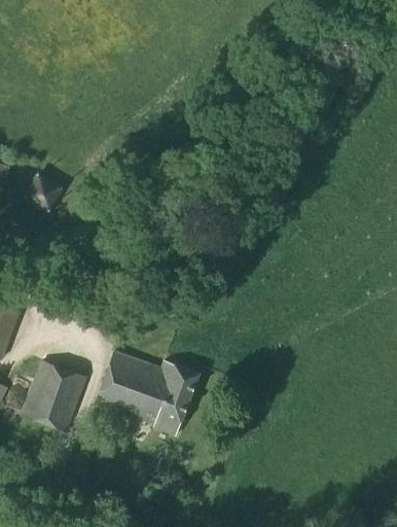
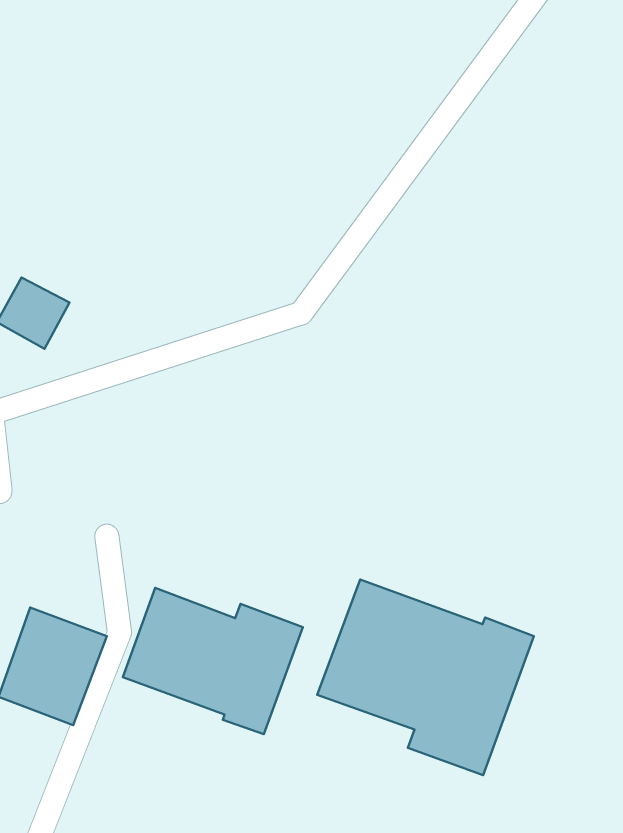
building: none -> [317,580,534,775]

